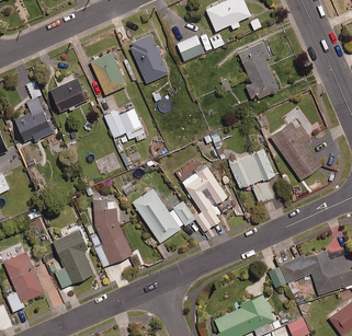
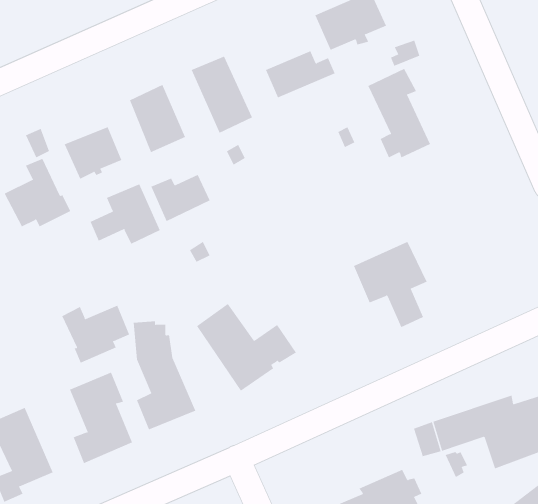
building: none -> [90,183,161,244]
building: [270,119,320,177] -> none
building: [182,166,228,232] -> none
building: none -> [61,305,130,363]

